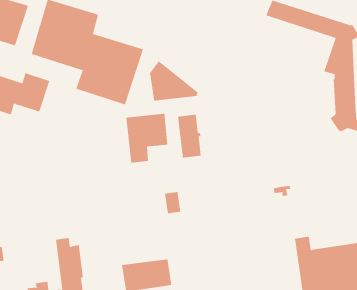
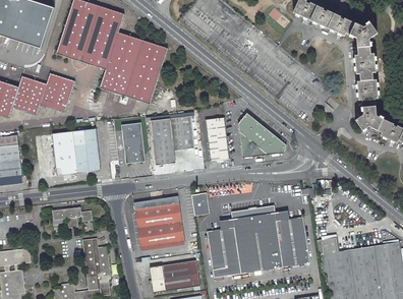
building: [149,60,198,101] -> [236,116,285,157]
building: none -> [122,120,146,162]
building: none -> [52,128,101,175]
building: none -> [133,195,183,246]
building: none -> [206,205,308,277]
building: none -> [52,207,92,229]

